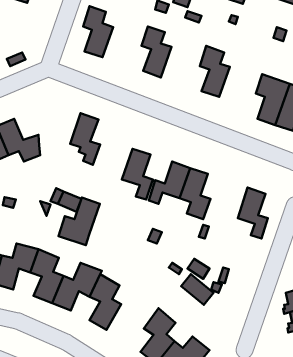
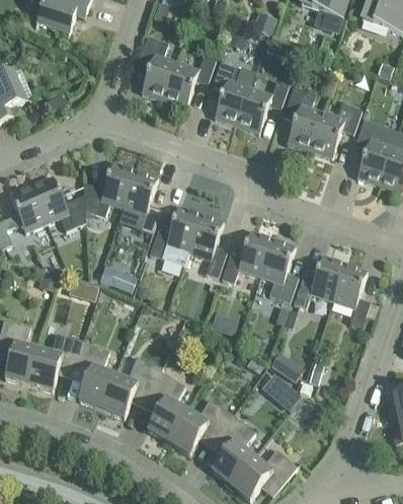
building: none -> [163,55,215,107]
building: none -> [236,80,289,132]
building: none -> [309,102,361,157]
building: none -> [83,162,136,217]
building: none -> [293,255,344,307]
building: [58,197,100,245] -> [149,206,200,266]
building: none -> [168,400,233,453]

